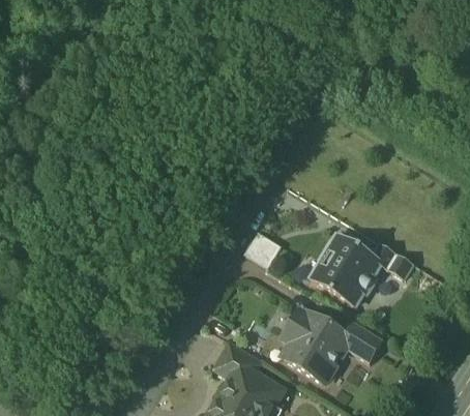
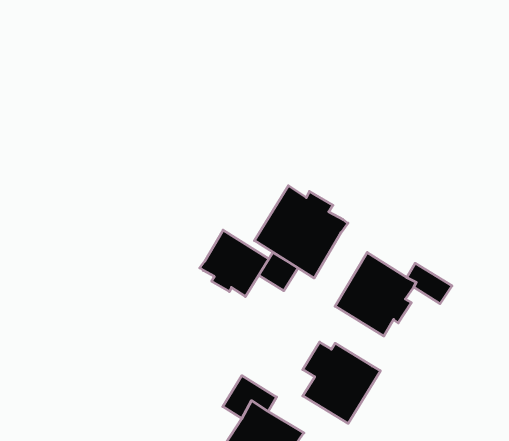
building: none -> [254,186,348,278]
building: none -> [200,230,269,297]
building: [344,320,383,362] -> none

